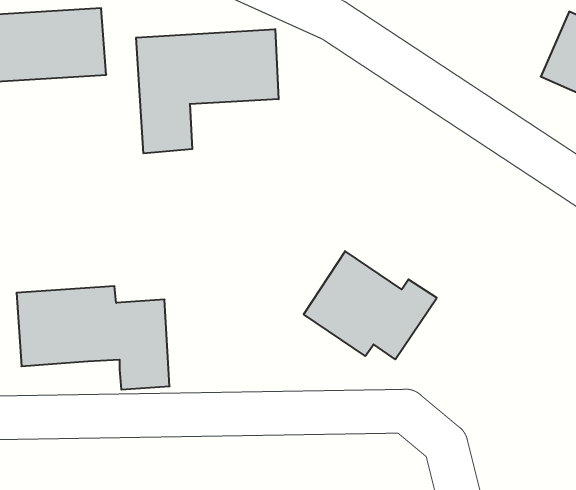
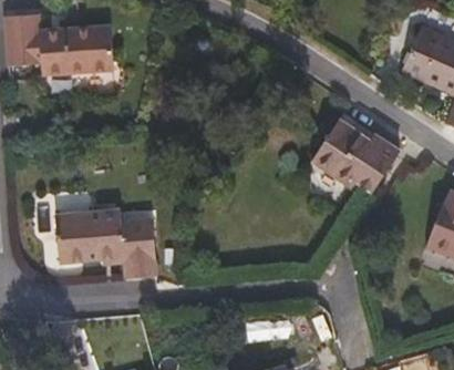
building: [136,29,279,153] -> none
building: [304,251,437,359] -> [311,119,400,191]

